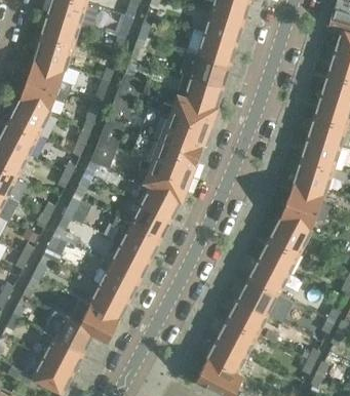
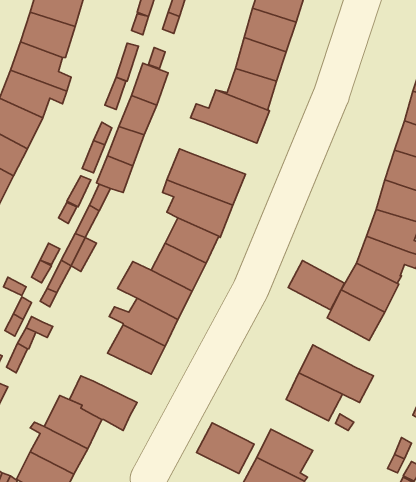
building: [150,114,206,155] -> none
building: [247,260,288,295] -> [288,261,345,310]
building: [87,285,129,321] -> none
building: [217,319,259,356] -> [197,423,254,474]

